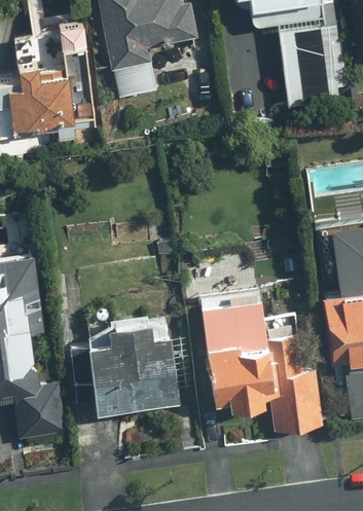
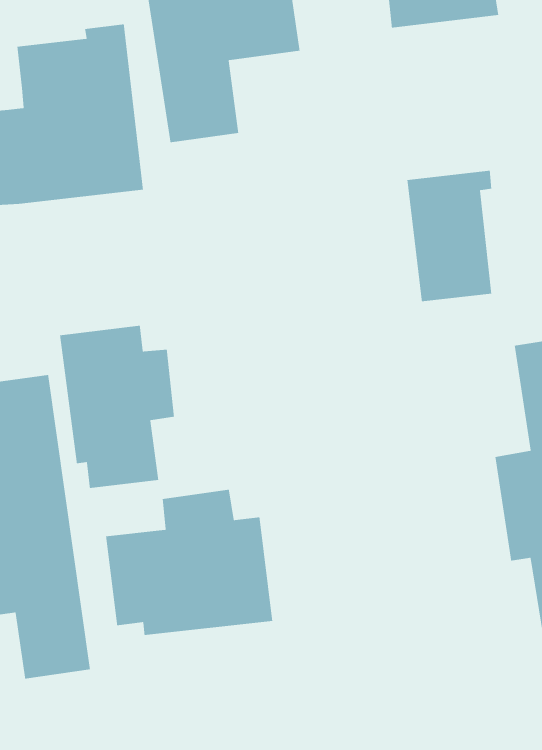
building: [282,28,336,112] -> [406,170,492,302]
building: none -> [59,325,175,489]
building: [196,270,326,435] -> none

